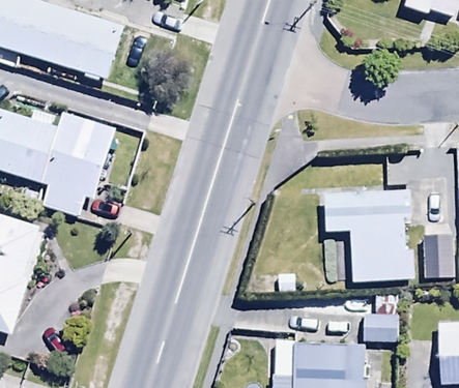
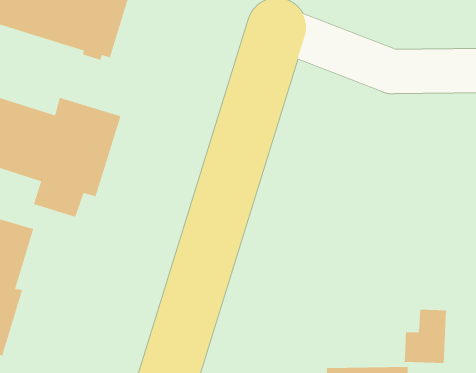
building: [323,190,414,281] -> none

